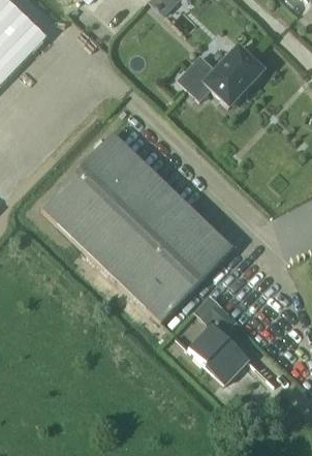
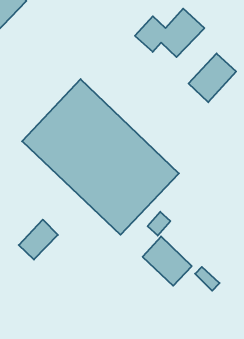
building: none -> [189,53,236,102]
building: none -> [19,220,58,260]

